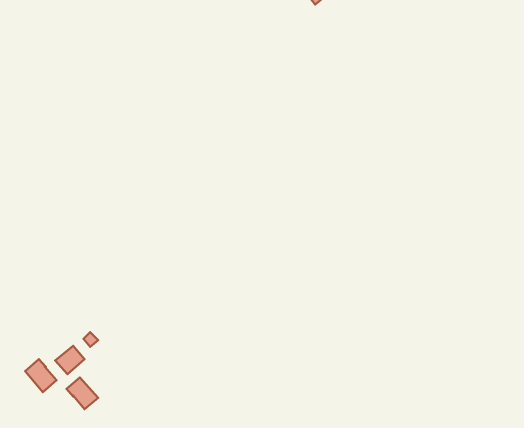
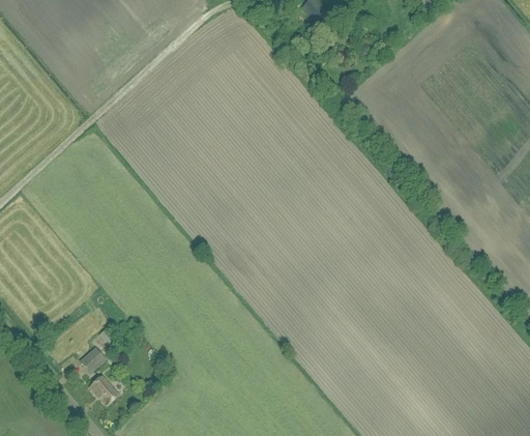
building: [25,359,57,392] -> none

